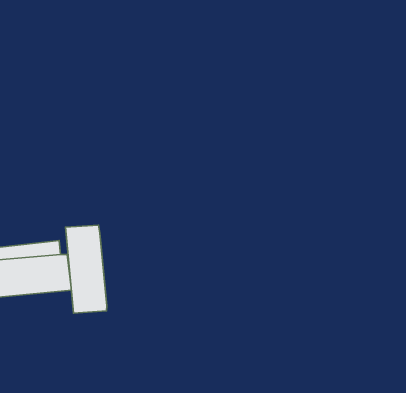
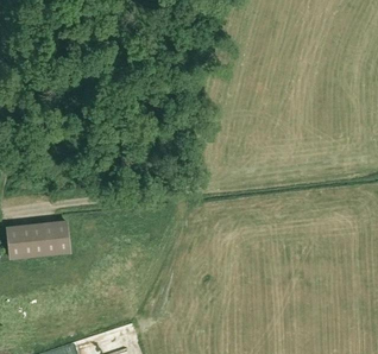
building: [66,225,107,313] -> none

